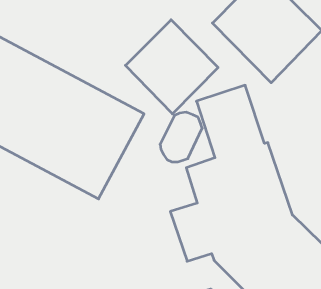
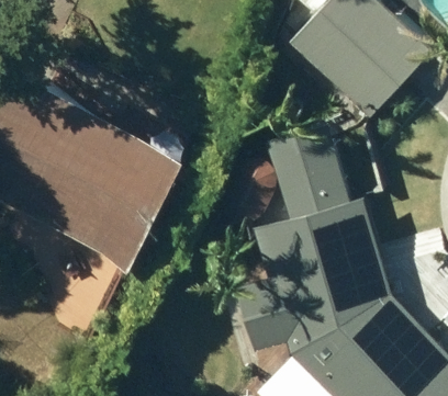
building: [125,20,218,114] -> none

